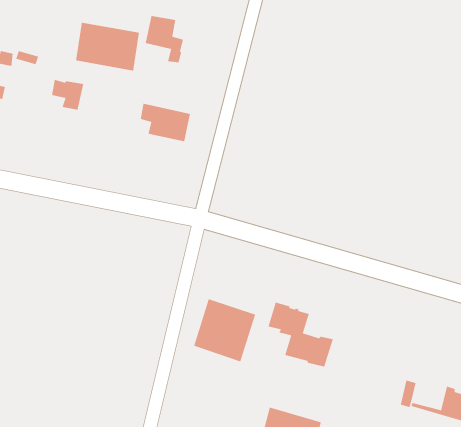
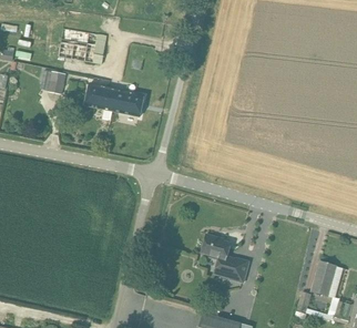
building: [145,15,184,63] -> [85,84,114,120]
building: [193,298,256,362] -> none
building: none -> [312,262,335,296]

